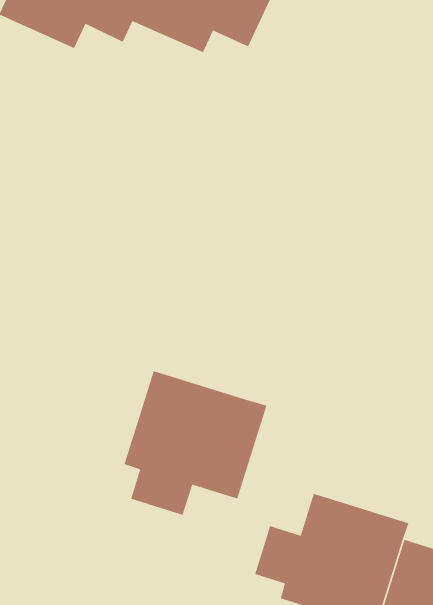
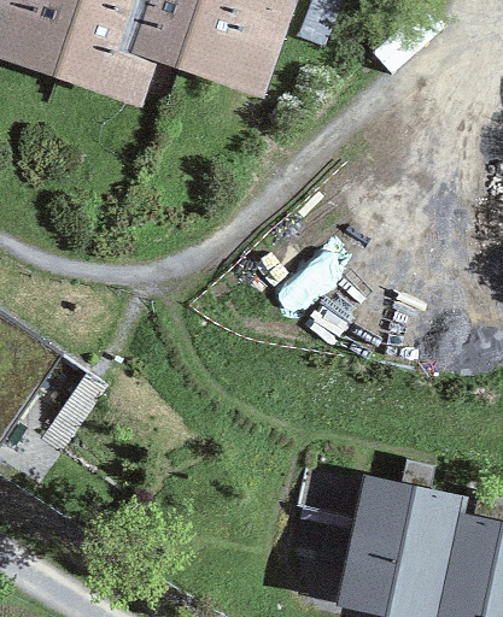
building: [124,370,267,516] -> none

